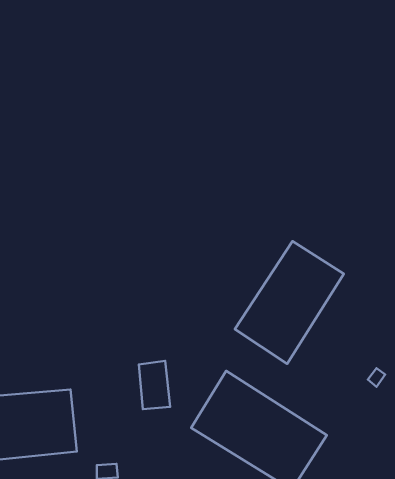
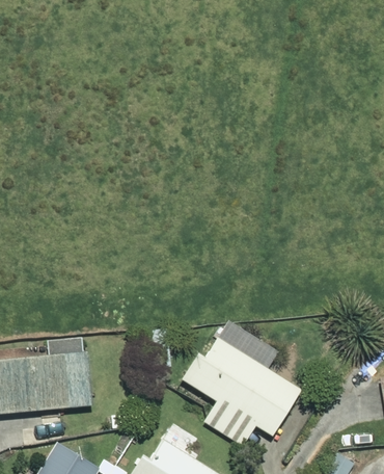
building: [235,241,344,364] -> none

